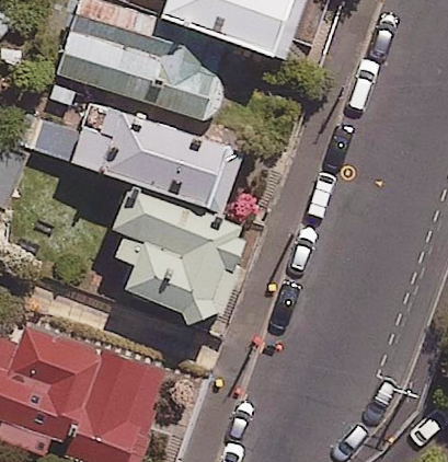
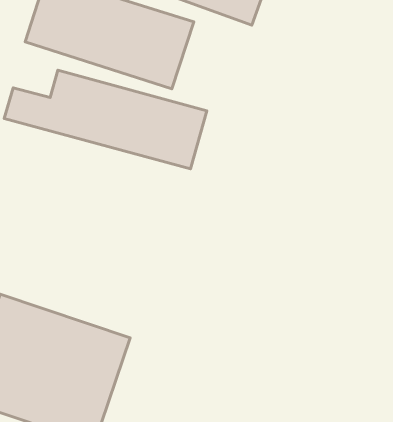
building: [101,194,239,314] -> none

